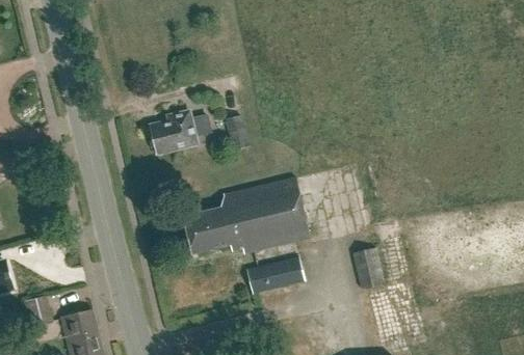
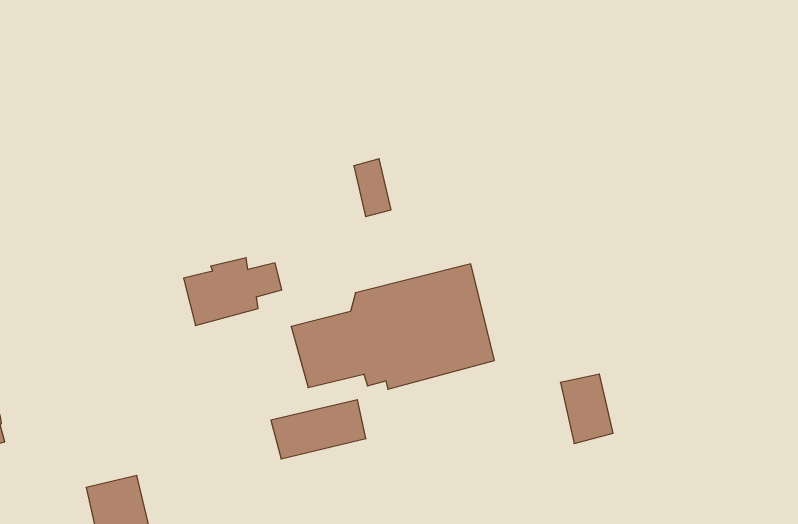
building: [152,112,212,154] -> [184,258,282,326]
building: [245,255,304,292] -> [271,400,366,459]
building: [23,294,52,324] -> none

